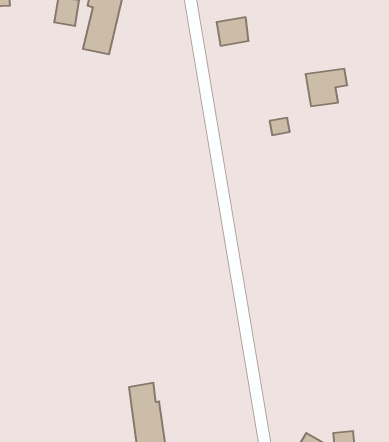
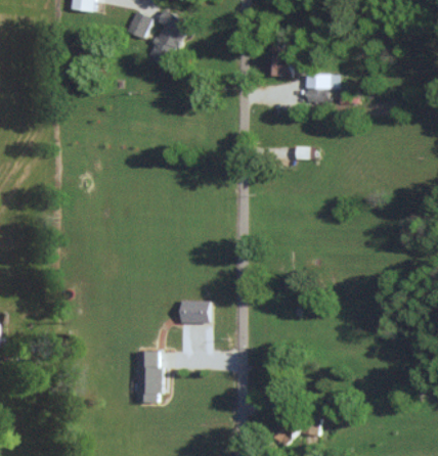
building: [305,69,347,106] -> [306,75,340,103]
building: none -> [179,302,209,324]

